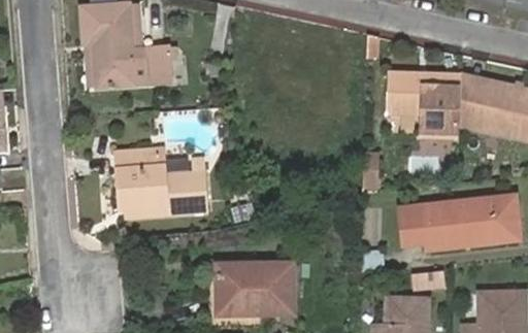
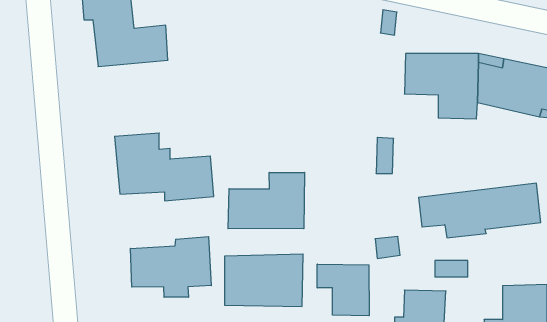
building: none -> [228,172,305,229]
building: none -> [130,237,211,297]
building: none -> [317,264,369,316]

